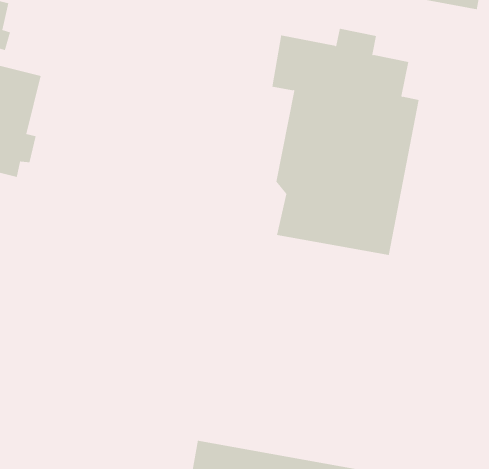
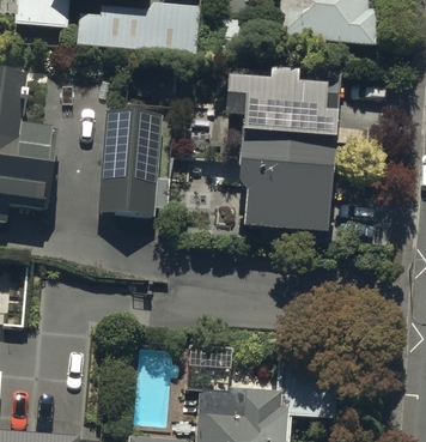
building: none -> [101,109,171,213]

